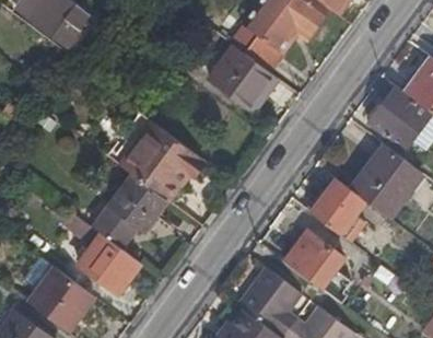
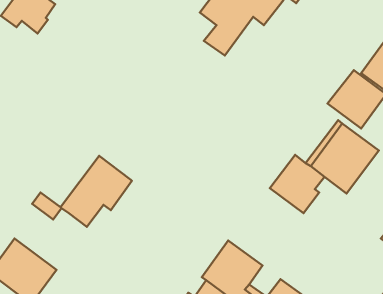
building: [208,48,277,114] -> none
building: [115,120,202,201] -> none
building: [286,229,356,294] -> none
building: [78,236,139,295] -> none

